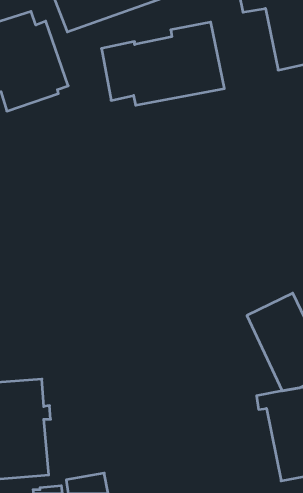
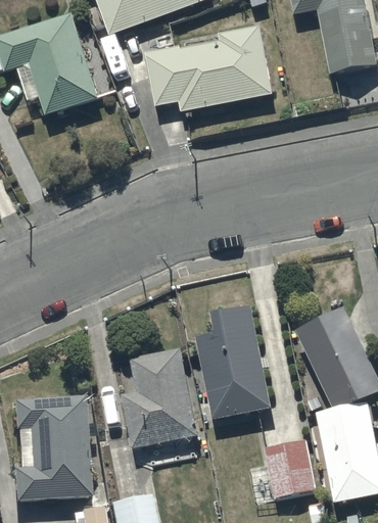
building: none -> [187,304,272,419]
building: none -> [121,348,197,448]
building: none -> [246,439,316,500]

